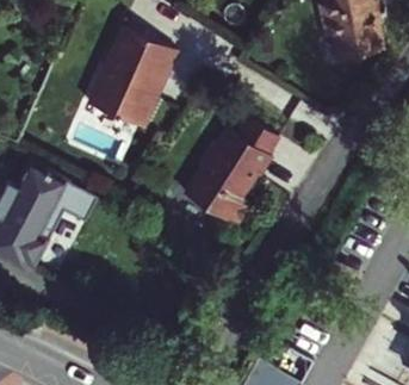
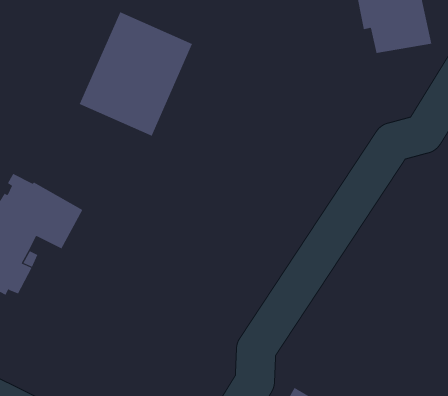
building: [182,118,279,229] -> none

